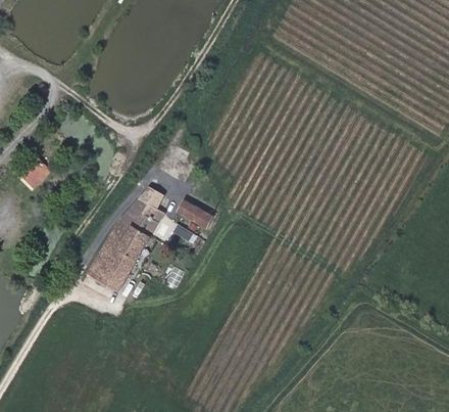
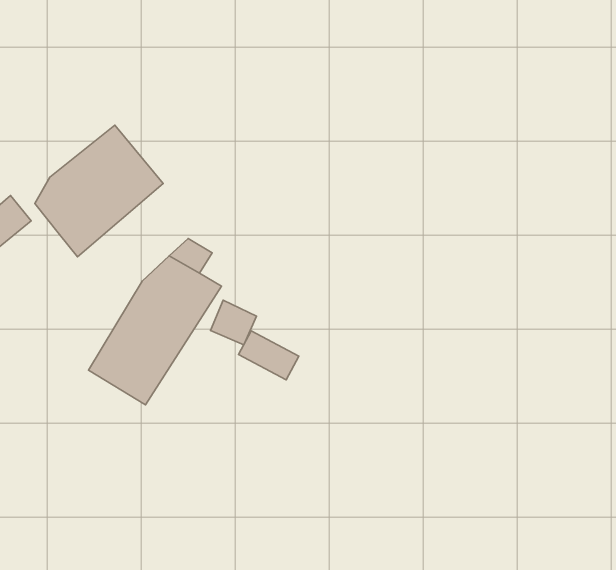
building: none -> [35,125,163,257]
building: [173,199,212,231] -> [238,331,299,380]

